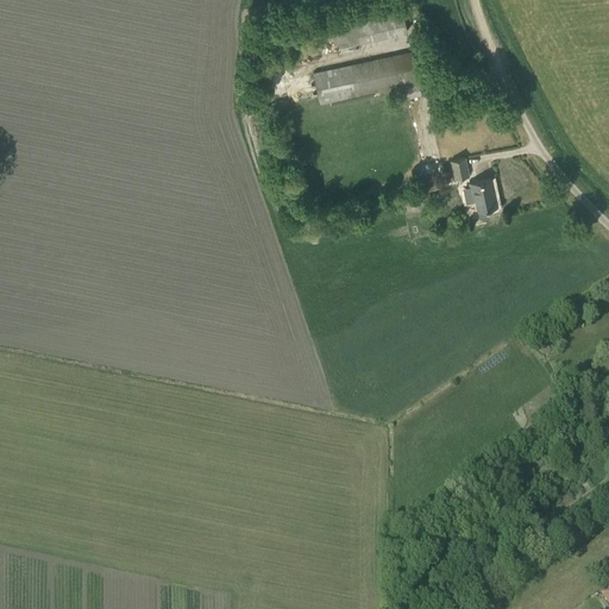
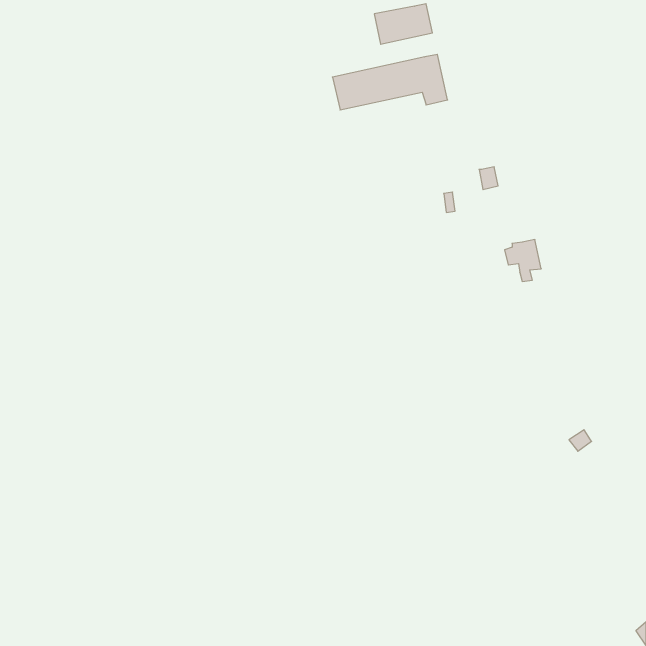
building: [463,178,497,218] -> [505,240,541,281]

